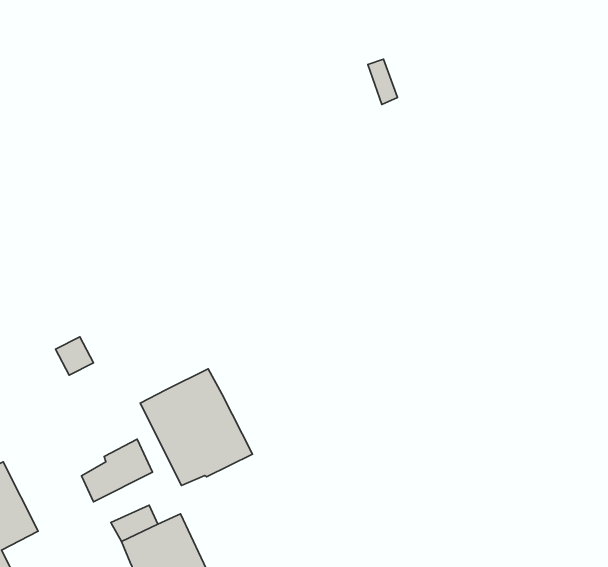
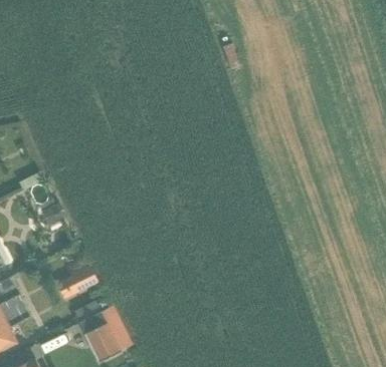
building: [140,369,253,486] -> none

